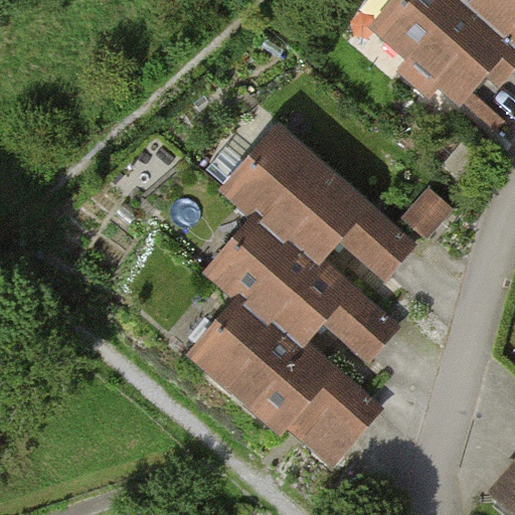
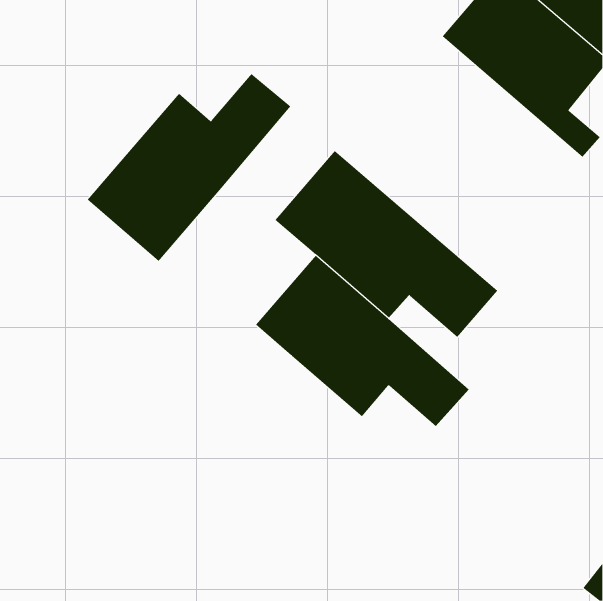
building: none -> [87,73,291,262]
building: [192,298,374,469] -> none

